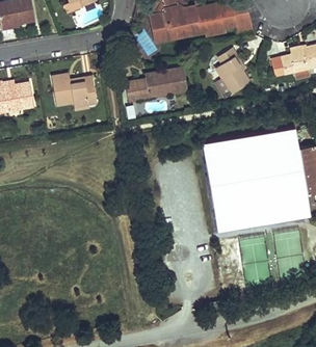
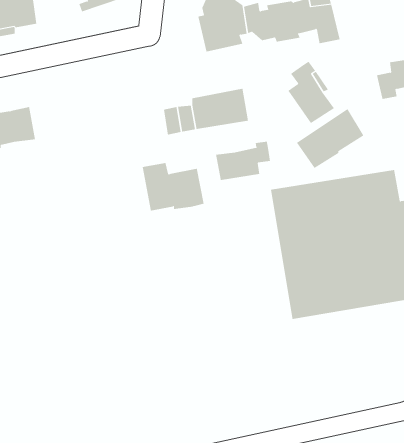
building: [49,71,95,106] -> [142,162,205,211]
building: none -> [296,108,364,169]
building: none -> [216,141,270,181]

